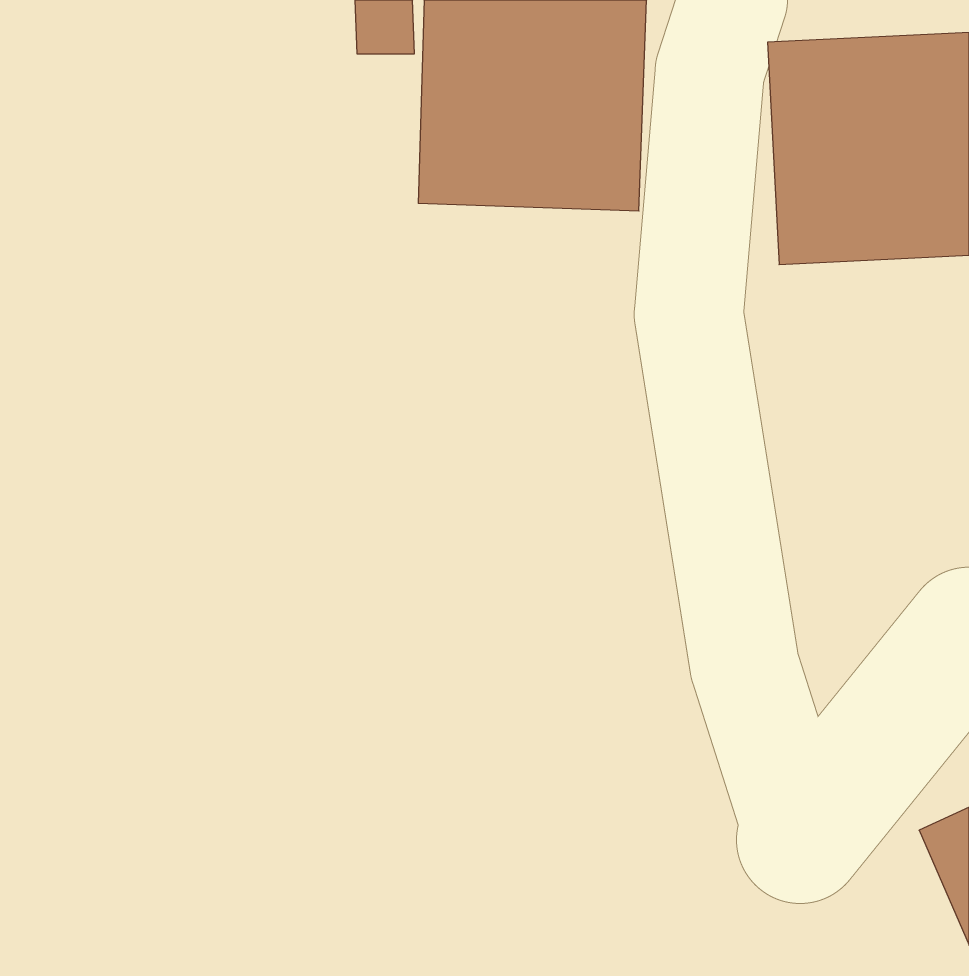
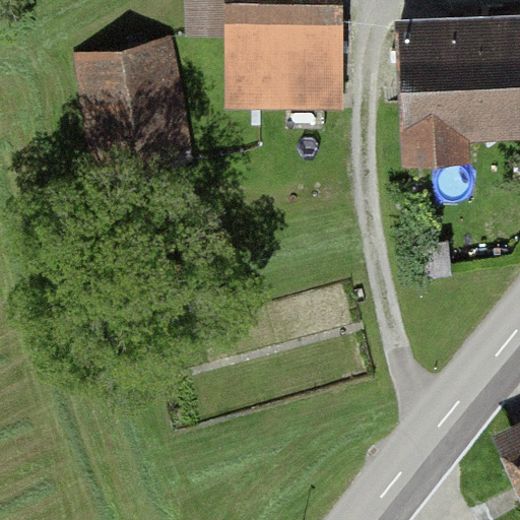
building: none -> [81,36,189,146]

